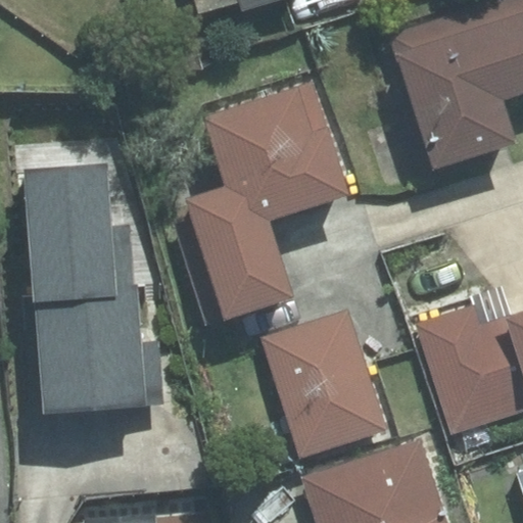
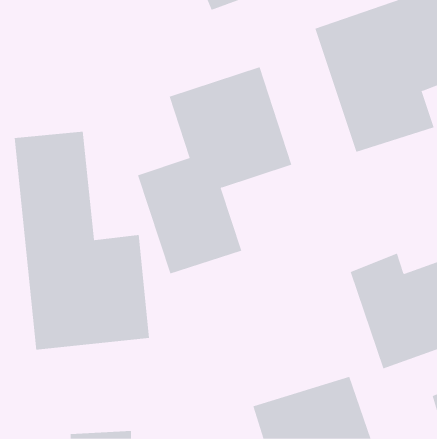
building: [259,314,388,460] -> none

